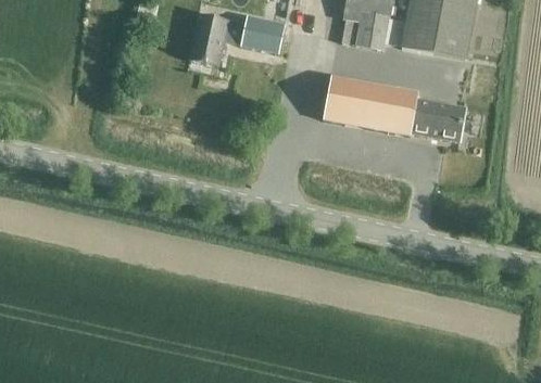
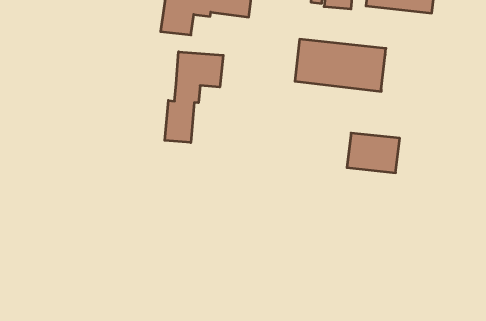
building: none -> [165,52,223,143]
building: [408,98,464,141] -> [347,133,400,173]

